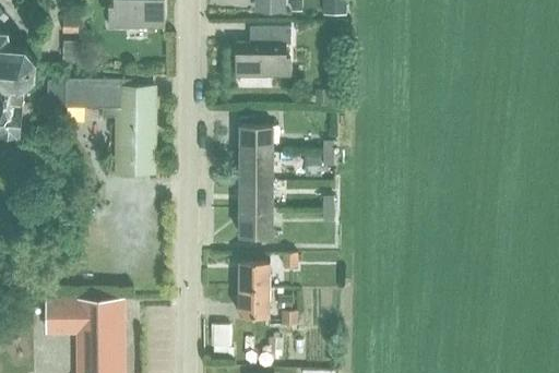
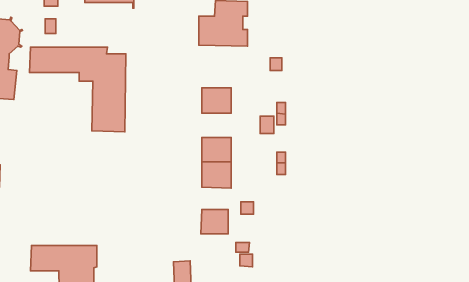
building: [239,153,272,180] -> none
building: [238,288,269,315] -> none

